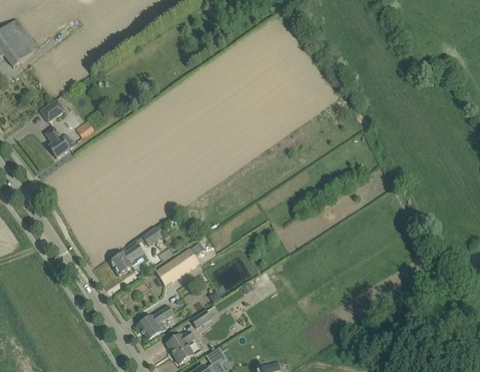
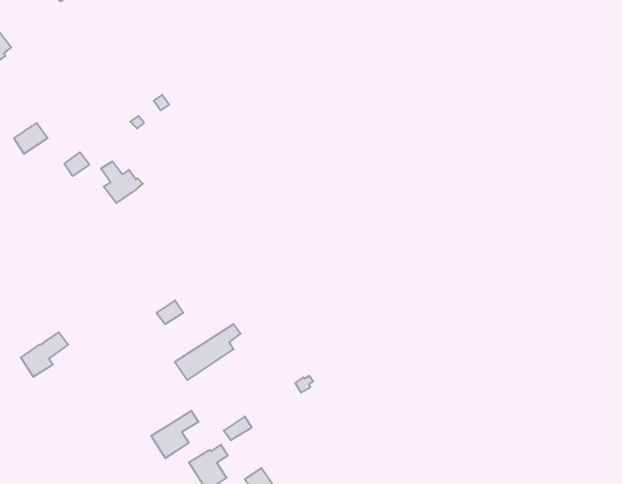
building: [45,127,75,157] -> [101,161,143,203]
building: [109,243,143,275] -> [21,332,68,377]

